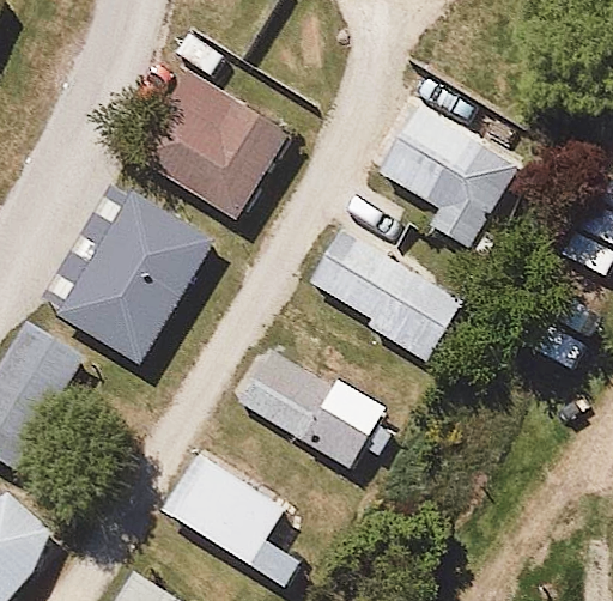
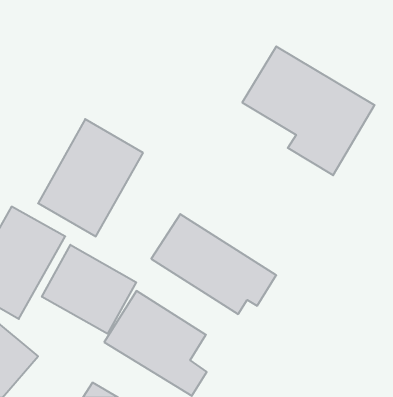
building: [131,61,293,223] -> none
building: [302,223,465,374] -> none
building: none -> [42,245,136,334]

